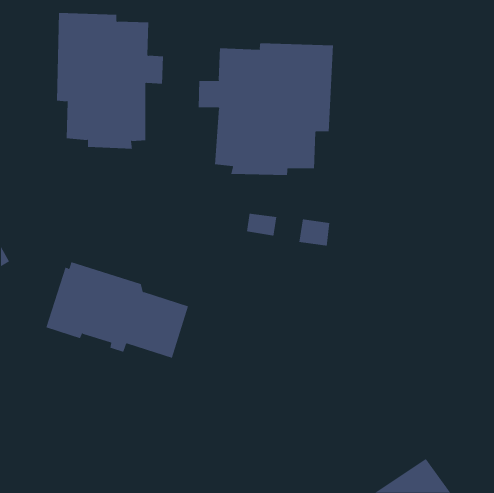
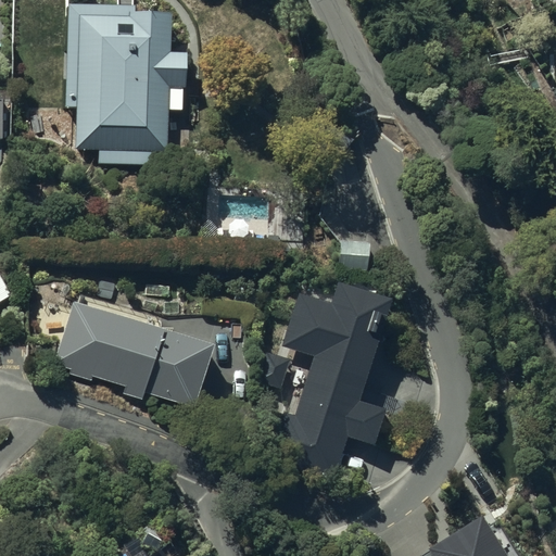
building: [198,42,333,176] -> none
building: none -> [270,279,396,475]

